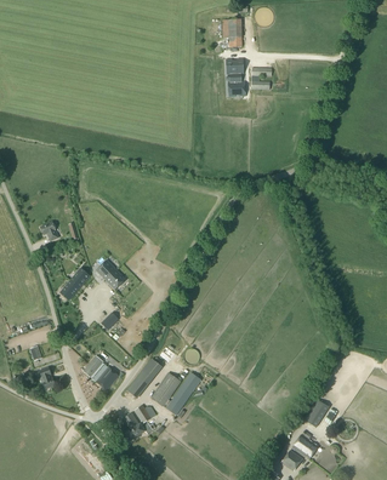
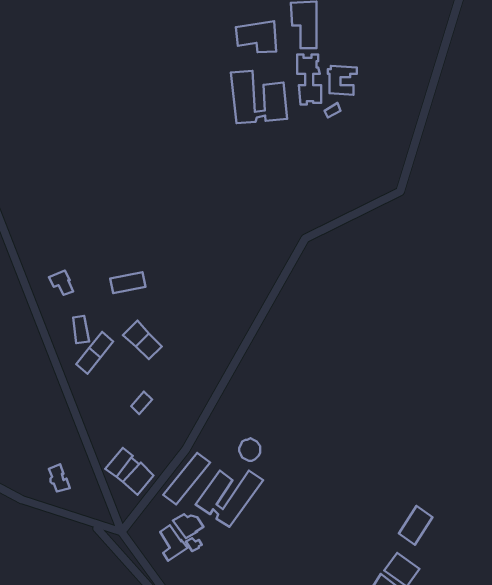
building: none -> [236,21,276,52]
building: none -> [231,71,287,123]

